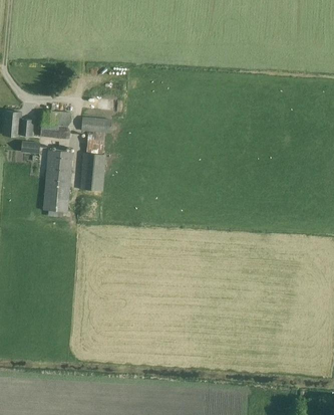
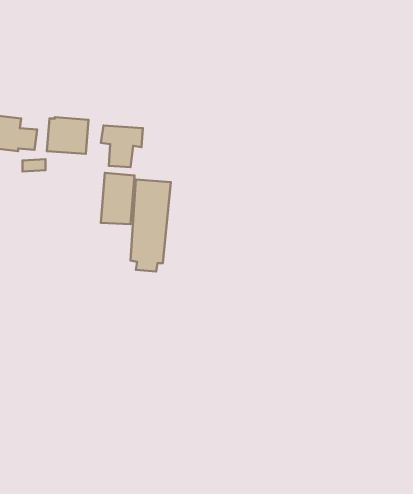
building: [43,148,73,216] -> [130,179,171,271]

